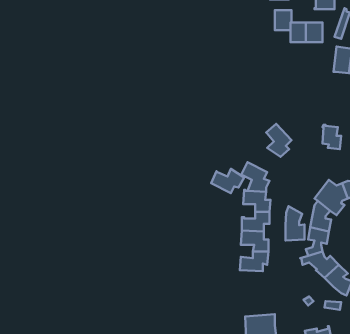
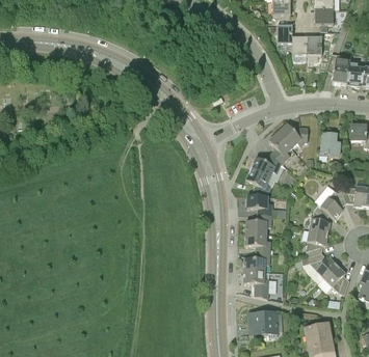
building: none -> [278,122,308,146]
building: [211,169,244,193] -> [251,154,282,176]
building: [285,206,304,241] -> none
building: none -> [243,269,268,297]

